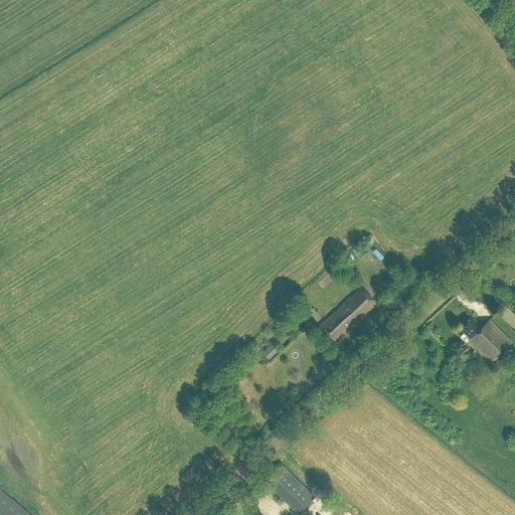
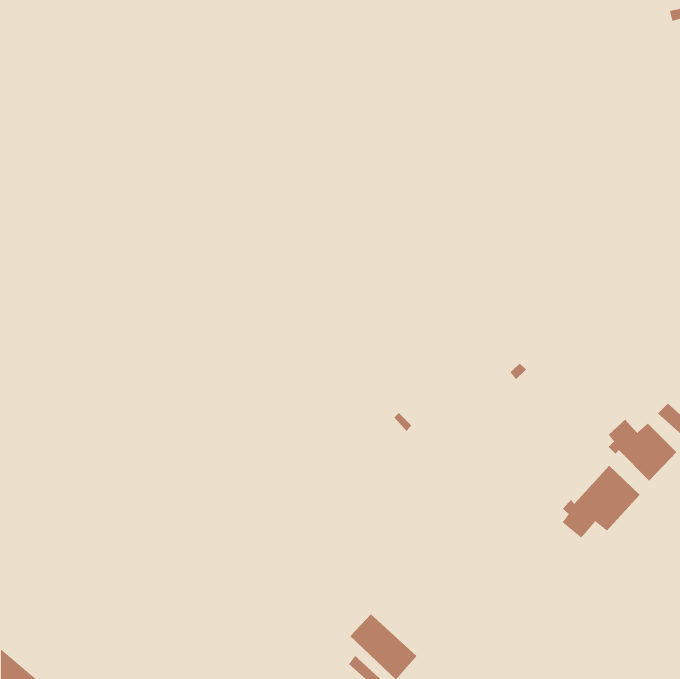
building: [318,289,375,344] -> none
building: none -> [562,465,640,539]

